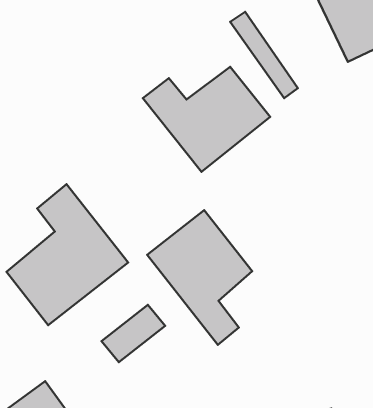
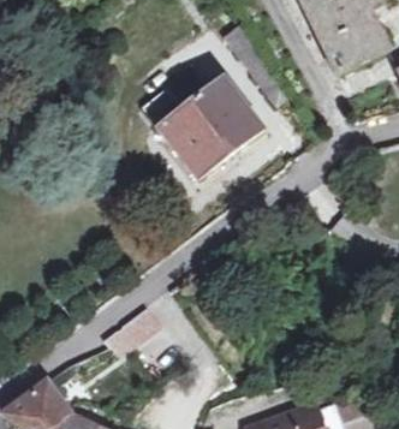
building: [7,184,128,325] -> none
building: [147,210,252,345] -> none

